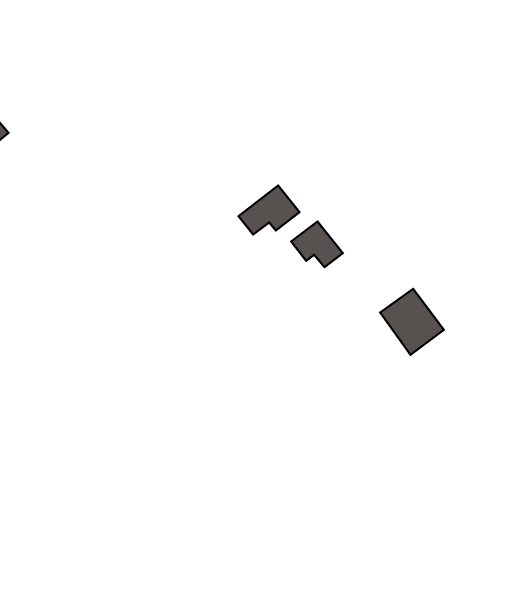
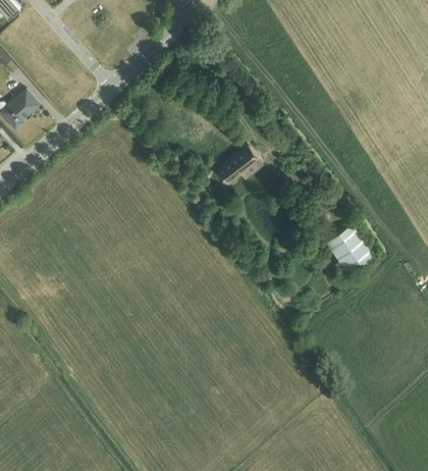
building: [291,222,343,267] -> none

